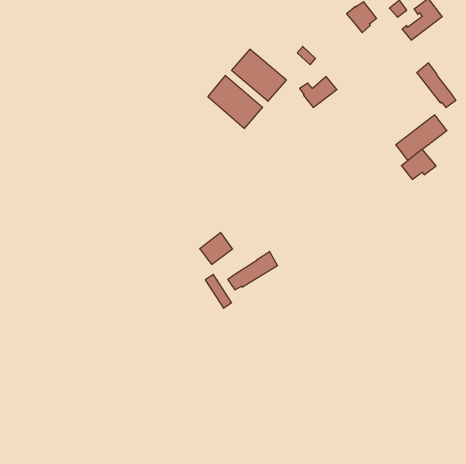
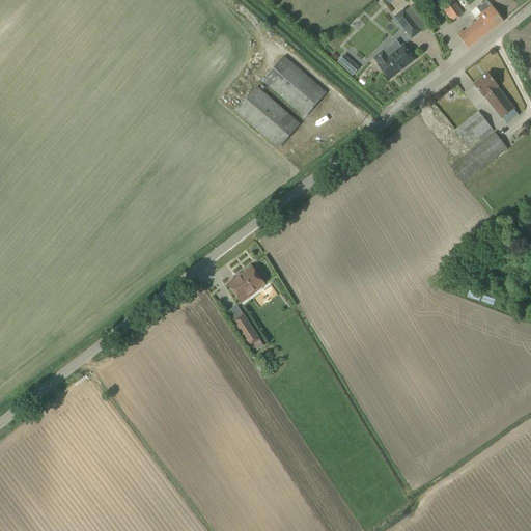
building: [300,77,337,108] -> [373,43,416,78]
building: [401,149,436,179] -> [454,111,494,145]
building: [228,251,278,290] -> none

